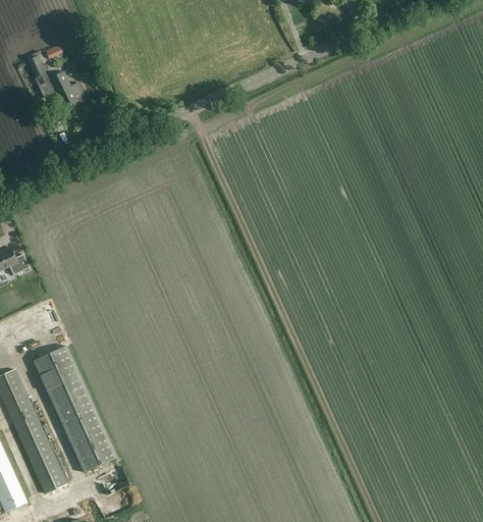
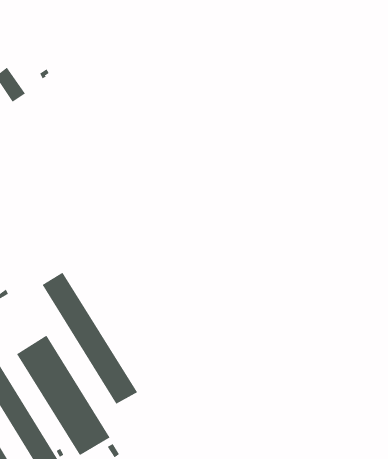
building: none -> [42,272,138,405]

